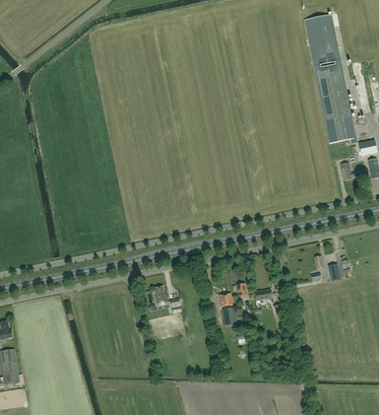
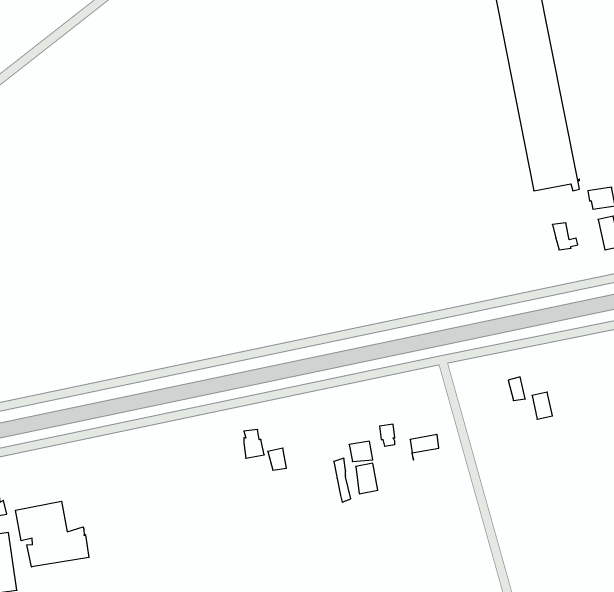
building: none -> [16,501,89,567]

